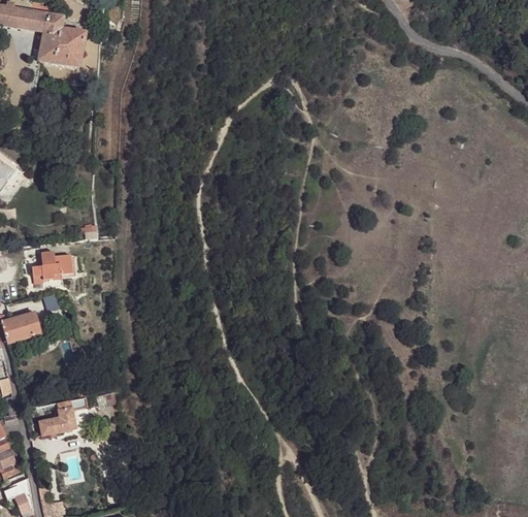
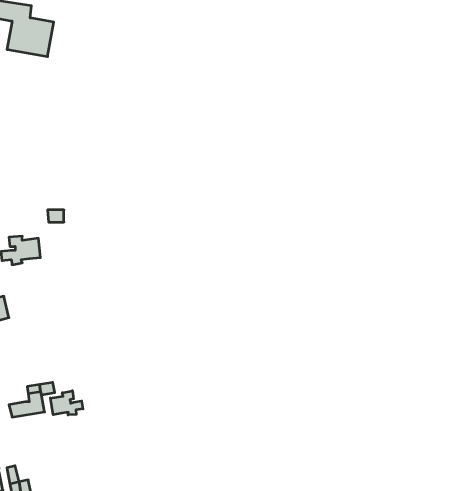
building: none -> [50,391,83,415]

